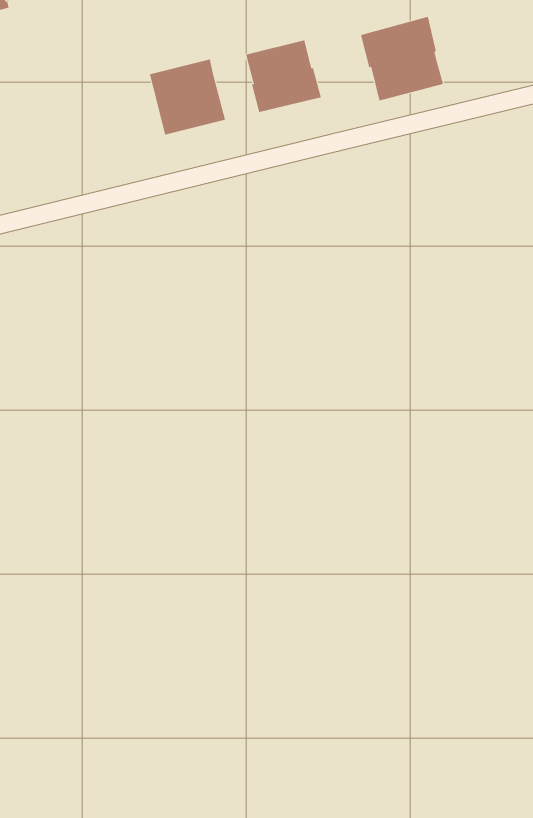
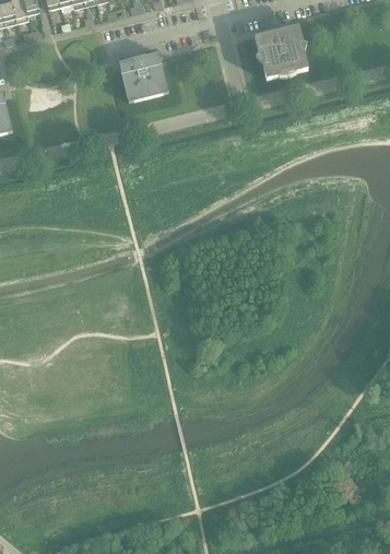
building: [245,39,322,113] -> none

